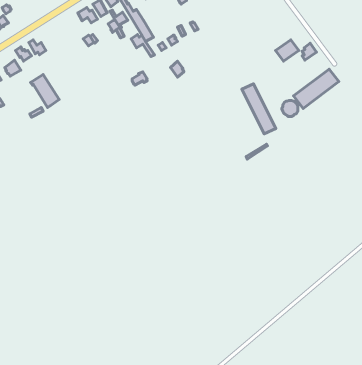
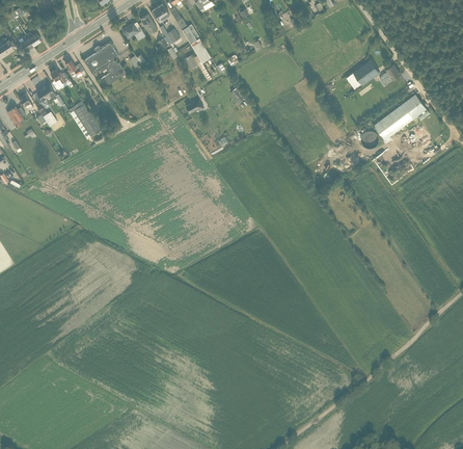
building: none -> [82,41,125,85]
building: [242,84,276,134] -> none

